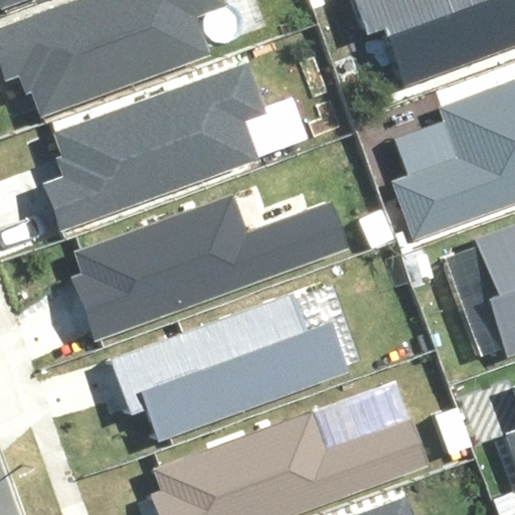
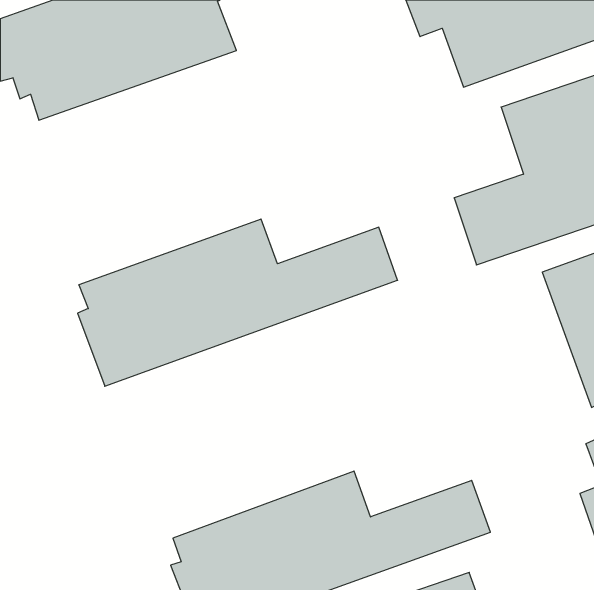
building: [41,58,271,226] -> none
building: [111,290,348,444] -> none

